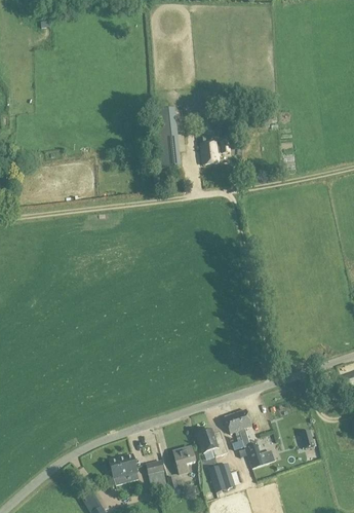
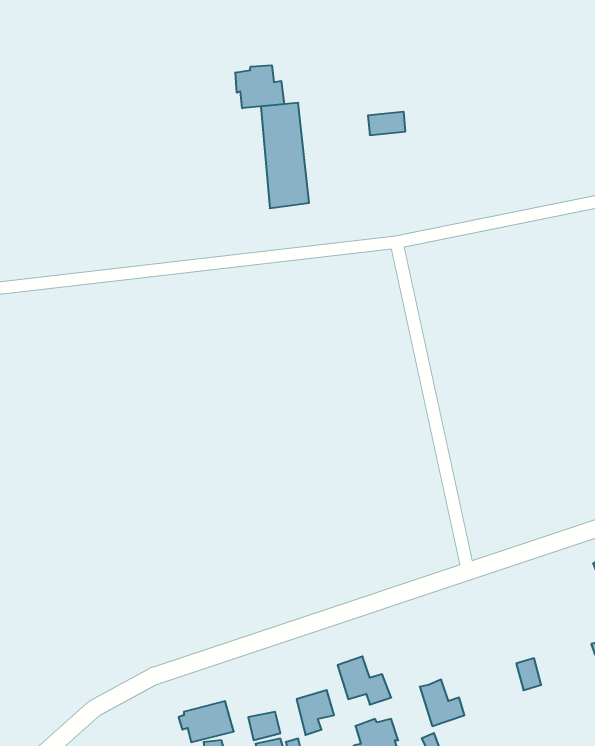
building: none -> [235,65,284,108]
building: [201,140,230,163] -> none
building: [225,409,251,445] -> none

